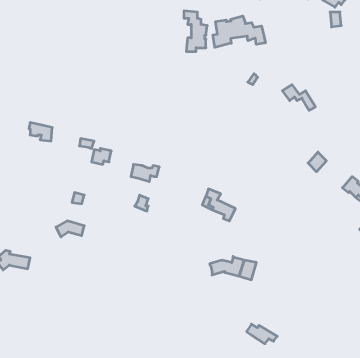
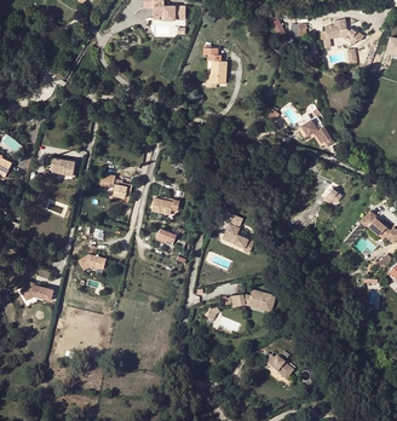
building: [213,16,265,47] -> none

